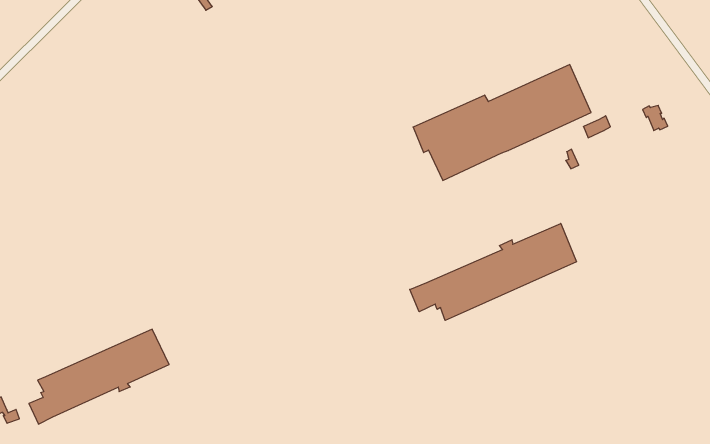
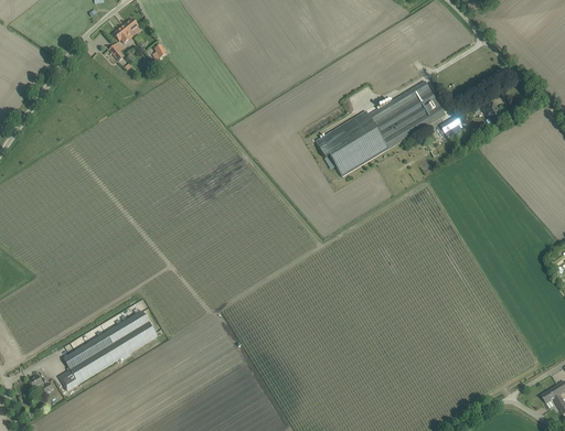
building: [410,223,576,320] -> none

